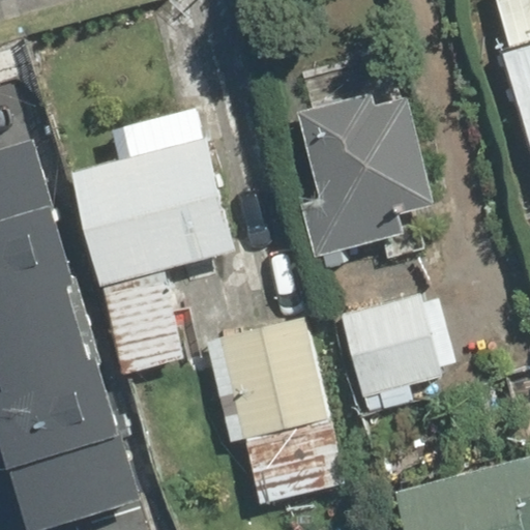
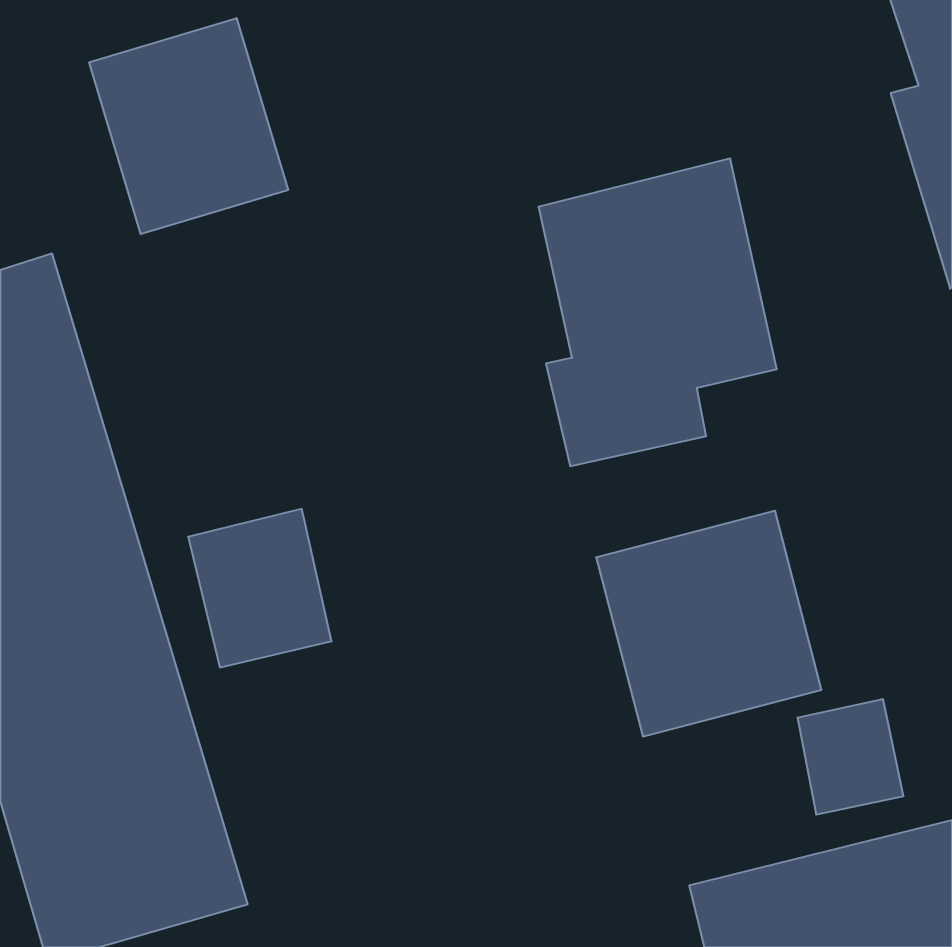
building: none -> [89,18,288,234]
building: [71,132,240,288] -> none
building: [214,316,348,505] -> none

